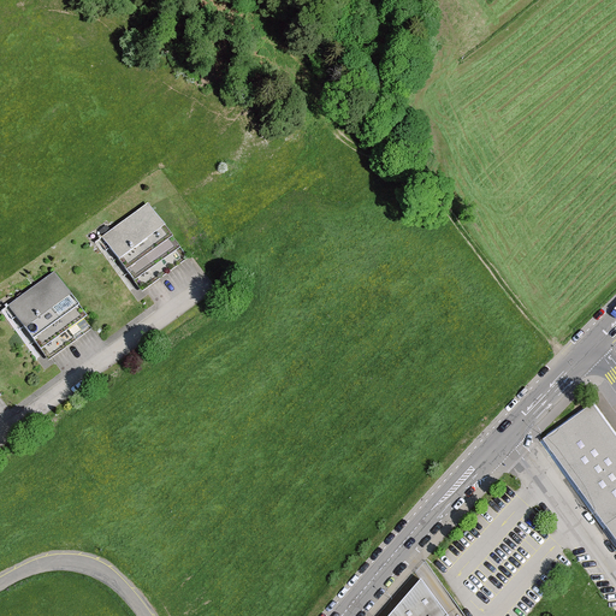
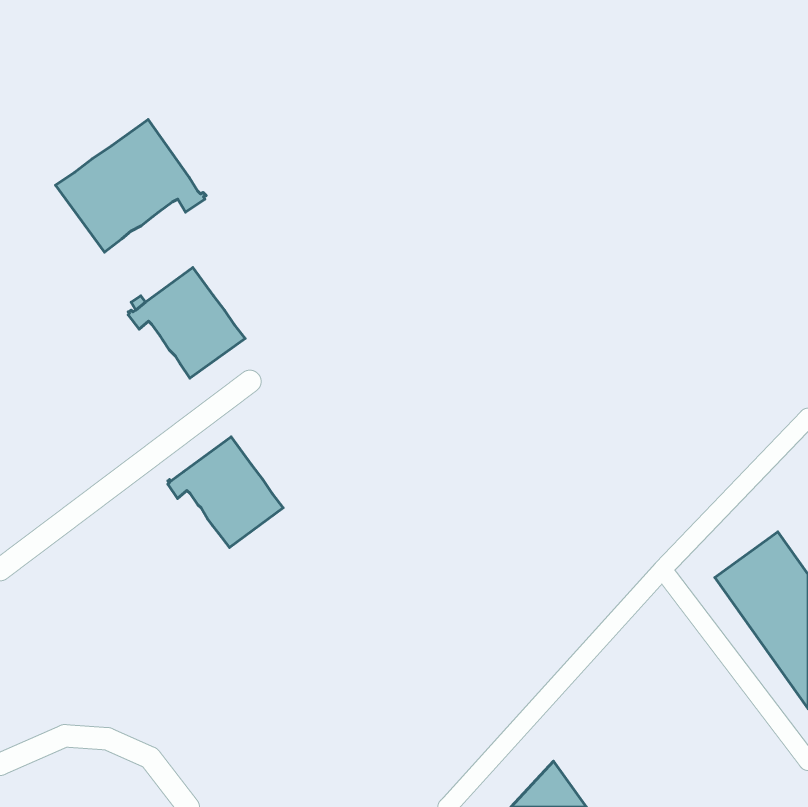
building: none -> [56,119,206,252]
building: [5,272,93,356] -> [168,437,283,547]

